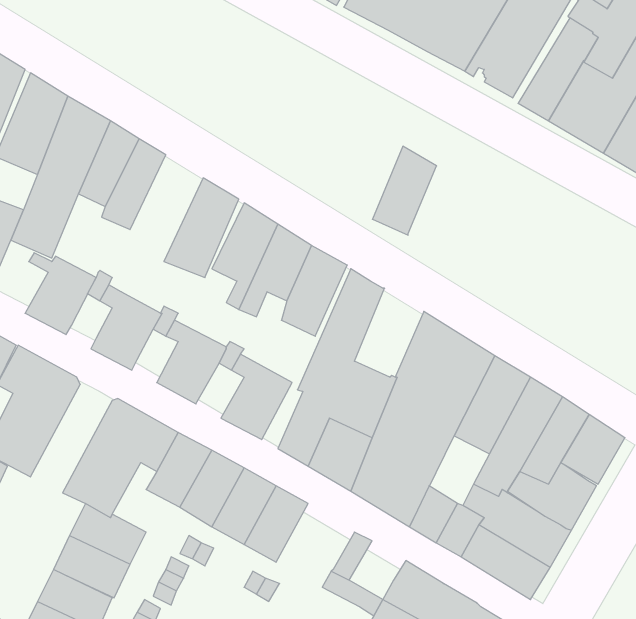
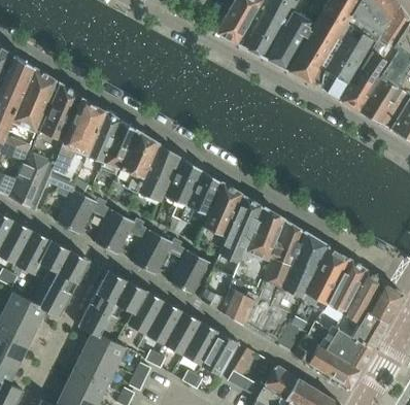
building: [372,146,437,235] -> [246,207,283,259]
building: none -> [113,130,159,192]
building: none -> [201,332,239,376]

